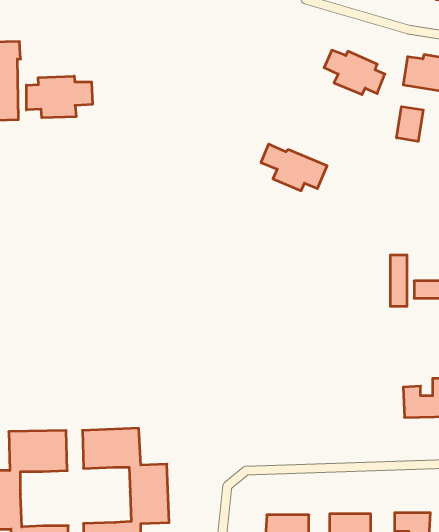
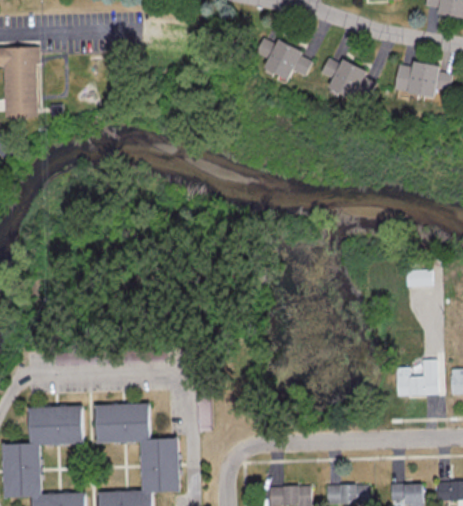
building: [26,76,92,118] -> none
building: [397,107,423,141] -> none
building: [261,144,327,191] -> [254,35,315,78]
building: [390,255,407,306] -> none

